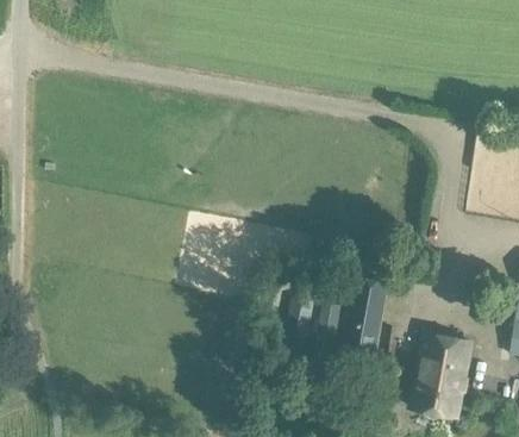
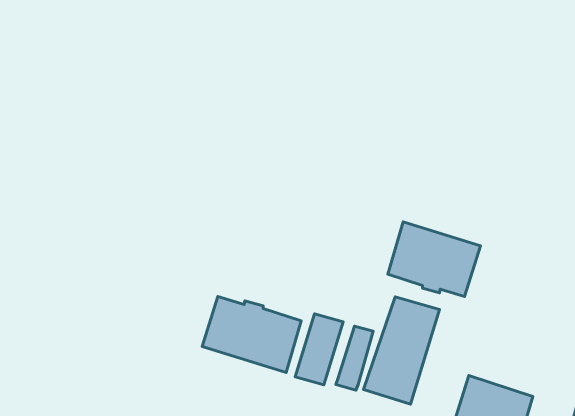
building: none -> [388,222,480,296]
building: none -> [202,297,301,372]

